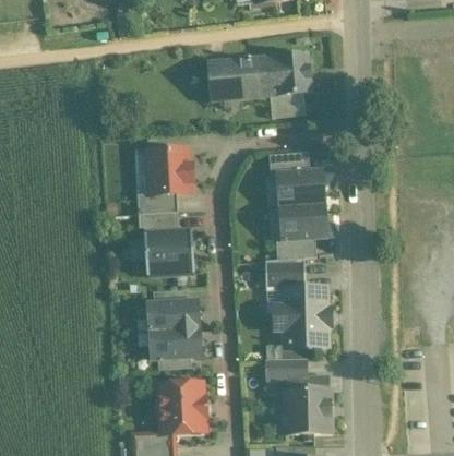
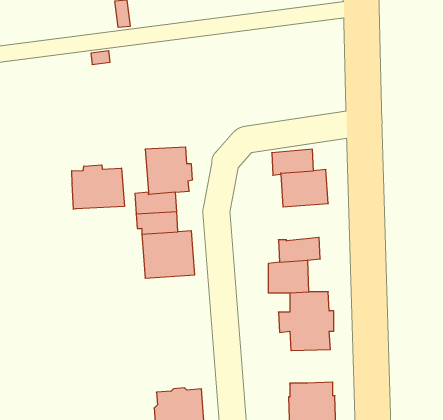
building: [206,52,311,117] -> none
building: none -> [72,165,124,209]
building: [279,204,326,240] -> none
building: [147,302,199,357] -> none
building: [266,359,306,380] -> none

